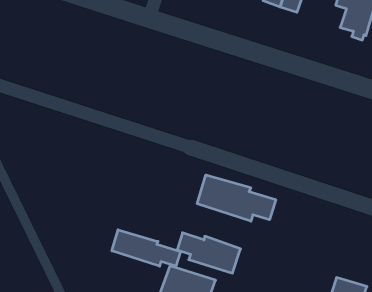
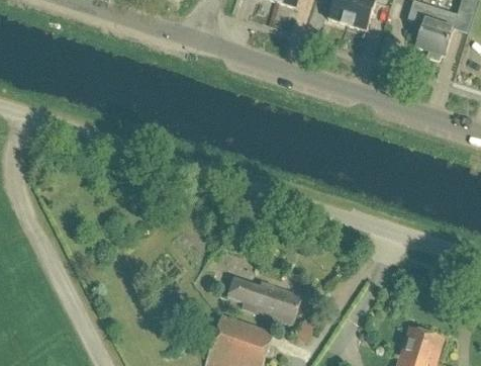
building: [197,175,276,221] -> none
building: [112,230,180,266] -> none

